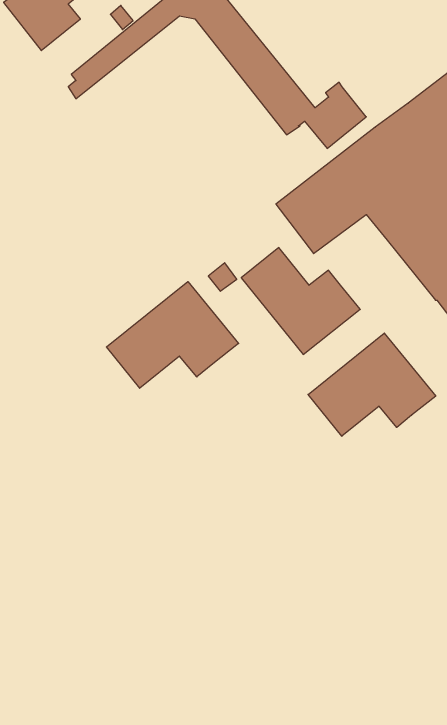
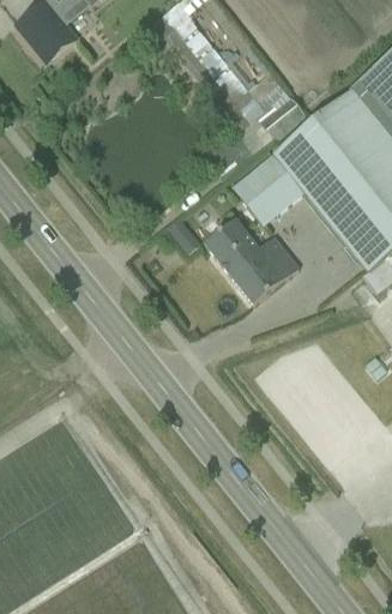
building: [106,282,239,388] -> none
building: [308,333,436,436] -> none

